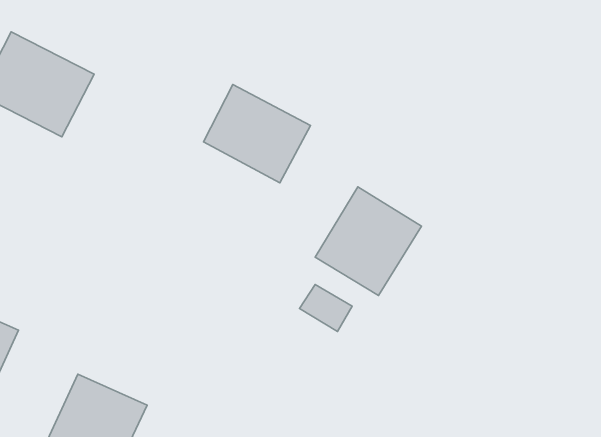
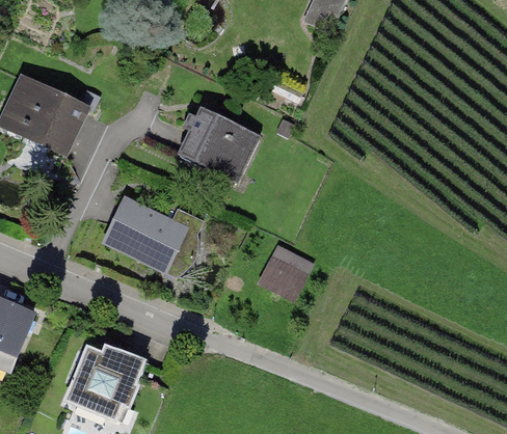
building: [315,187,422,296] -> none
building: none -> [104,196,188,274]

